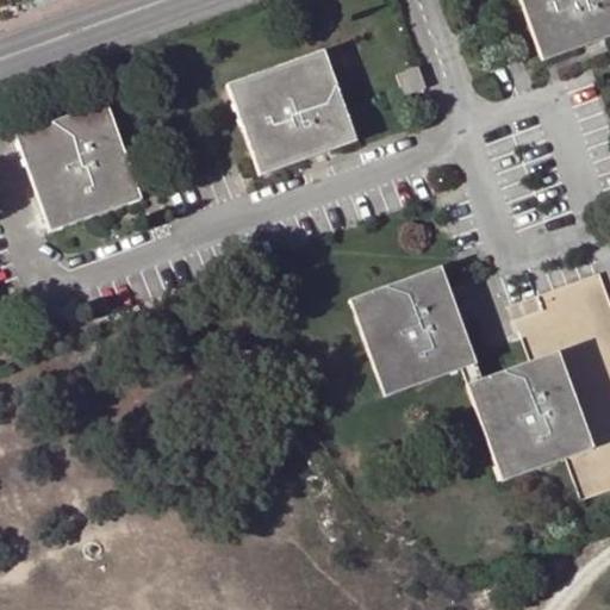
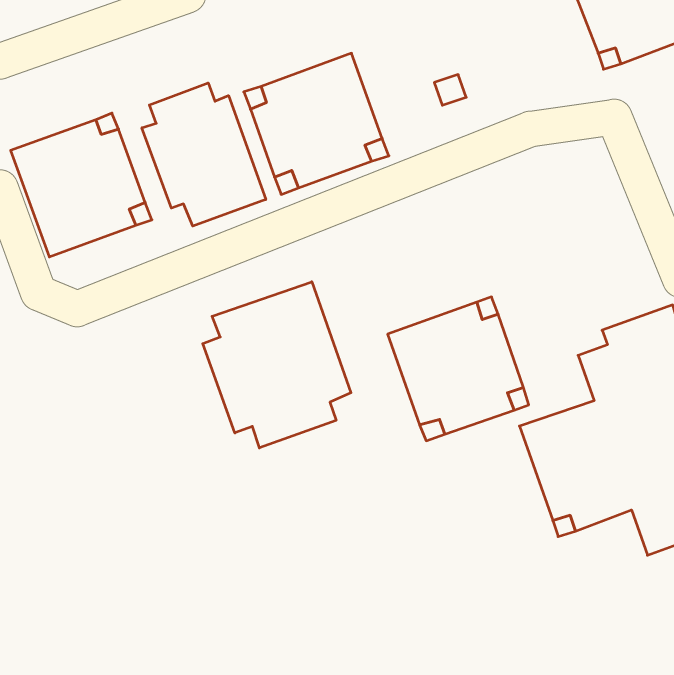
building: none -> [142,83,266,226]
building: none -> [203,282,351,448]

